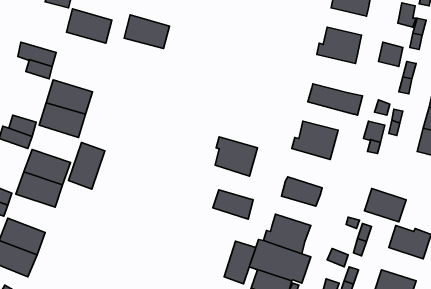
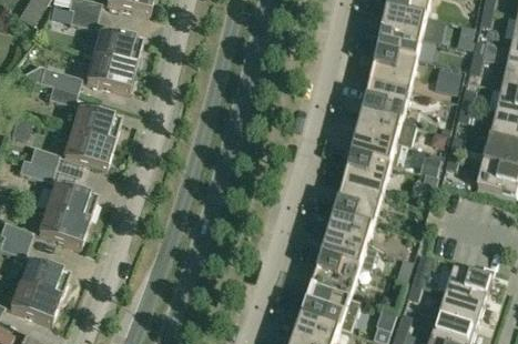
building: none -> [377,29,420,59]
building: [124,15,170,48] -> [84,55,134,92]
building: none -> [362,80,408,122]
building: none -> [351,132,406,166]
building: [215,137,258,176] -> [334,183,380,226]
building: [69,142,105,189] -> none
building: [365,189,406,222] -> [437,292,483,328]
building: [213,190,253,219] -> [321,235,365,267]
building: [224,241,256,284] -> none

